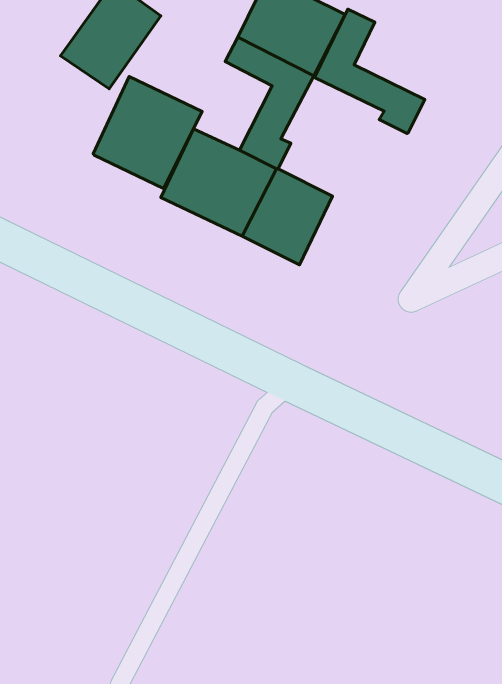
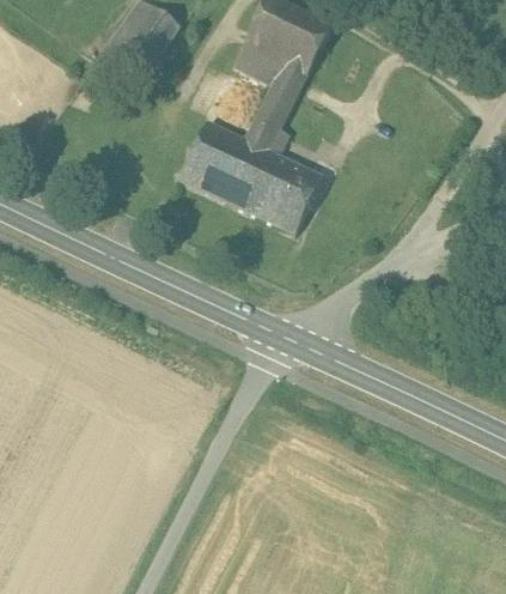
building: [314,9,425,134] -> none
building: [93,77,202,188] -> none

